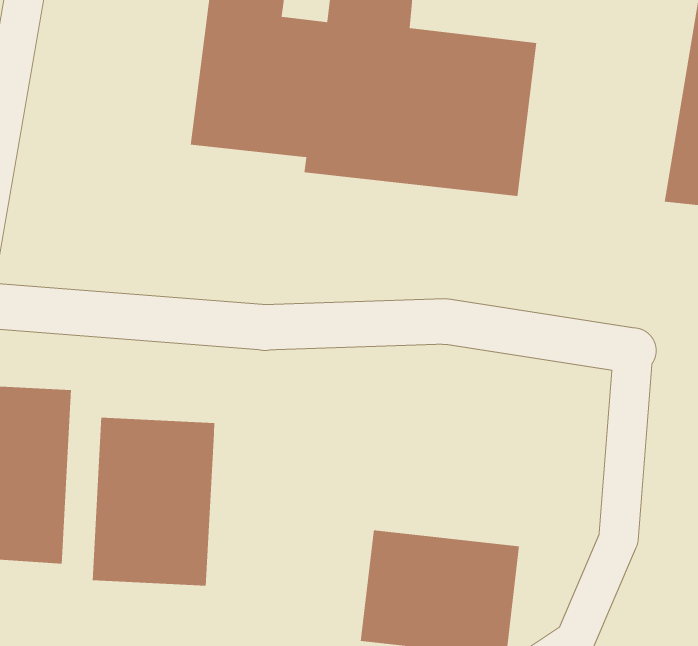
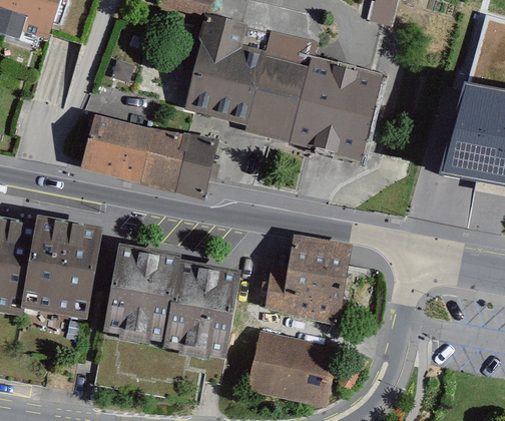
building: none -> [81,110,218,194]
building: none -> [262,240,351,328]
building: none -> [162,266,238,365]

